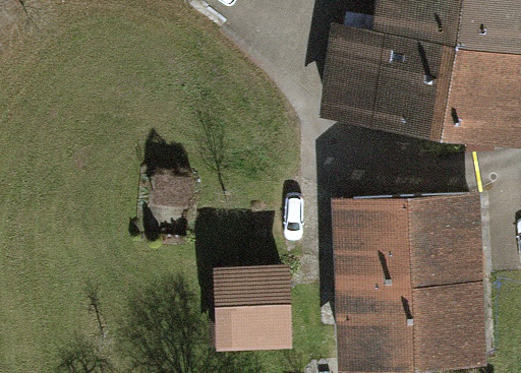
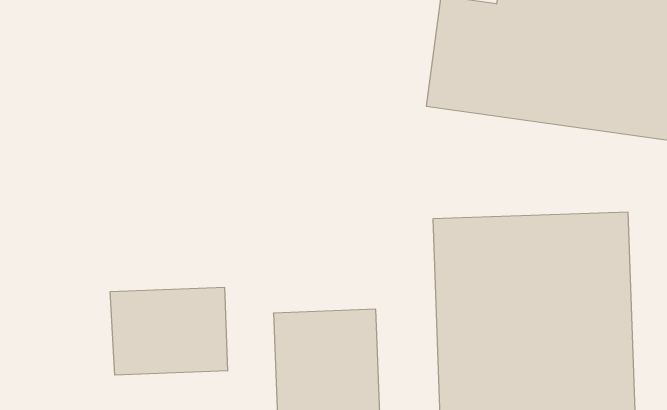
building: none -> [110,287,227,375]

